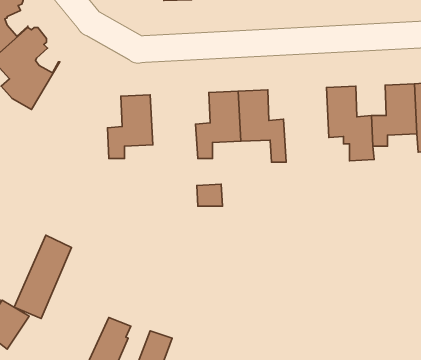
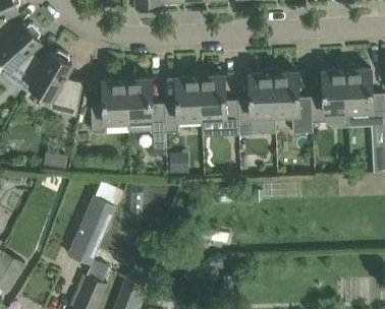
building: none -> [28,51,82,118]
building: none -> [237,74,275,136]
building: none -> [126,79,166,150]
building: [14,235,72,318] -> [69,196,117,265]

